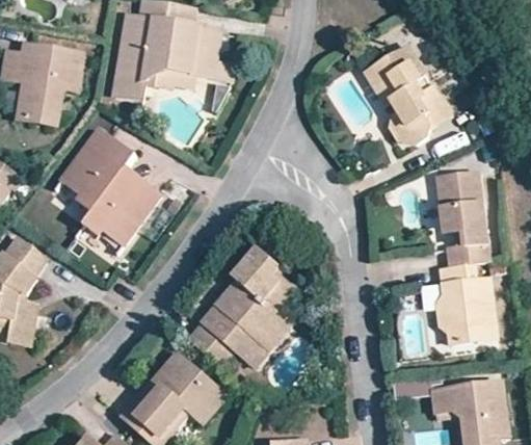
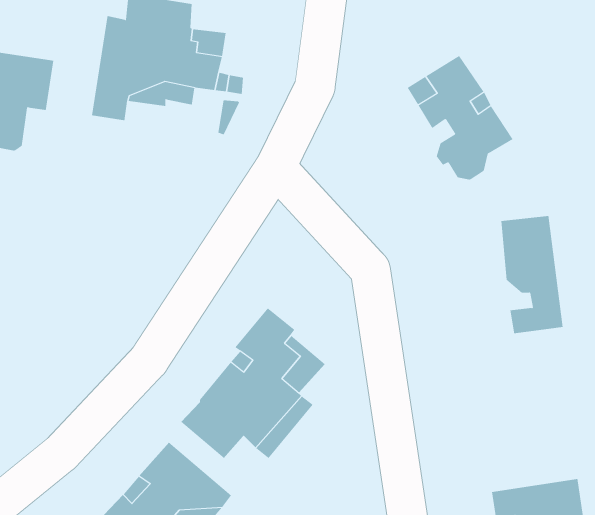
building: [64,130,161,243] -> none
building: [435,264,495,347] -> none

